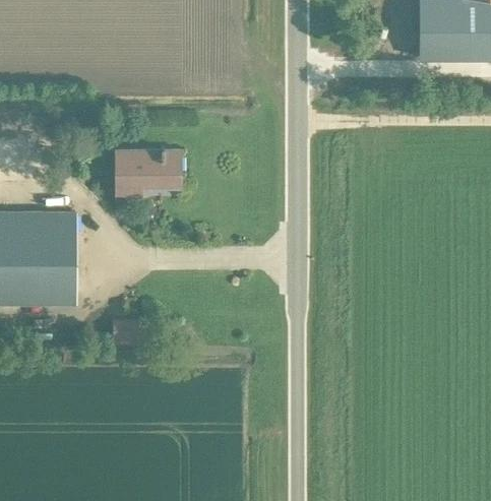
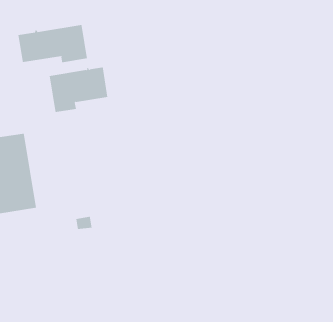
building: none -> [18,24,88,63]

